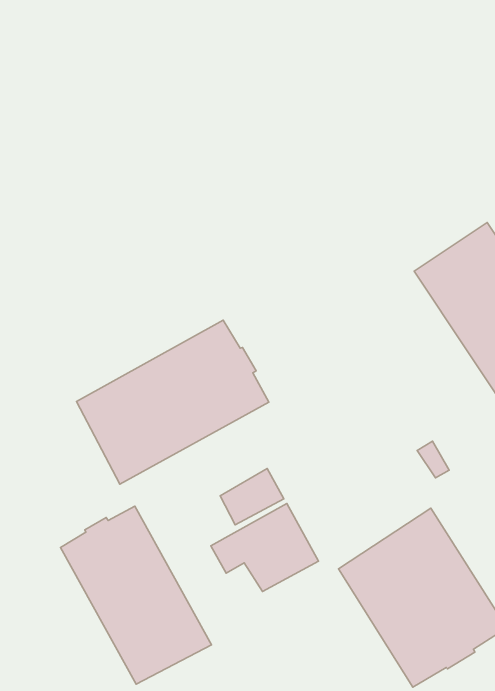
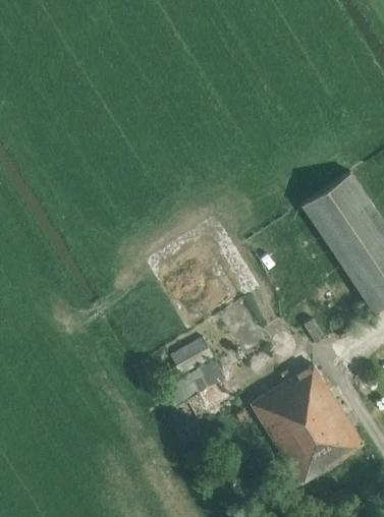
building: [77,320,269,484] -> none
building: [60,506,211,684] -> none

